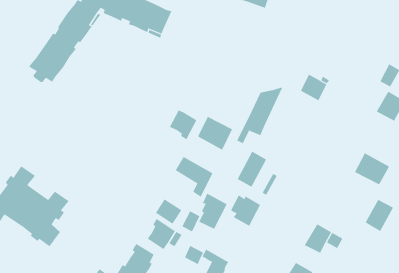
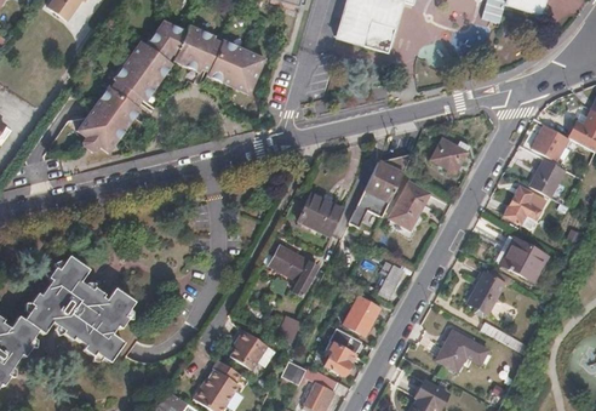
building: none -> [499,184,537,227]
building: [169,110,197,140] -> none
building: [237,151,267,187] -> [390,183,429,230]
building: [198,193,227,229] -> [326,327,363,375]
building: [155,199,182,225] -> none
building: [365,199,394,232] -> [468,273,505,315]

